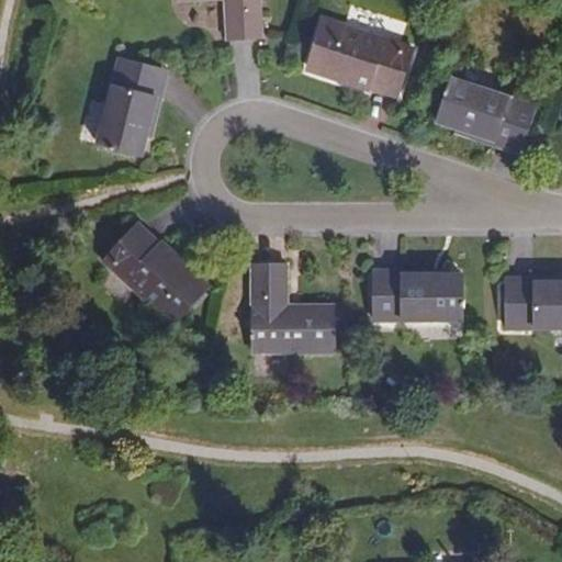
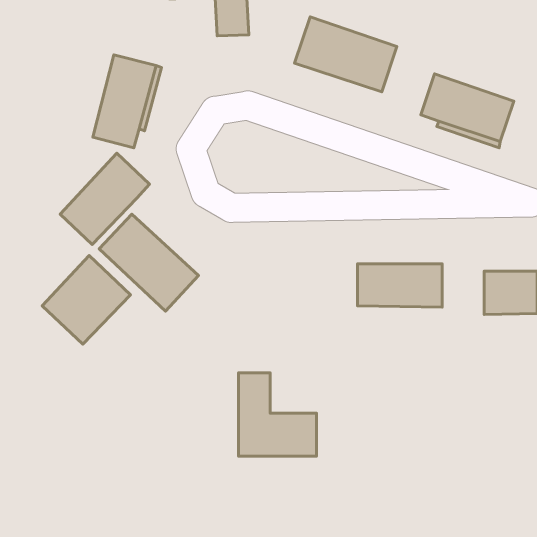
building: none -> [60,153,150,244]
building: [252,263,334,350] -> [238,373,317,456]
building: none -> [42,256,130,344]

